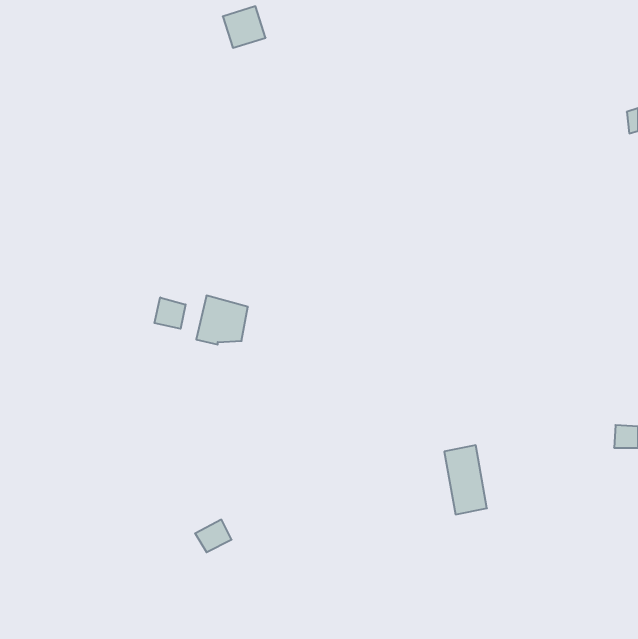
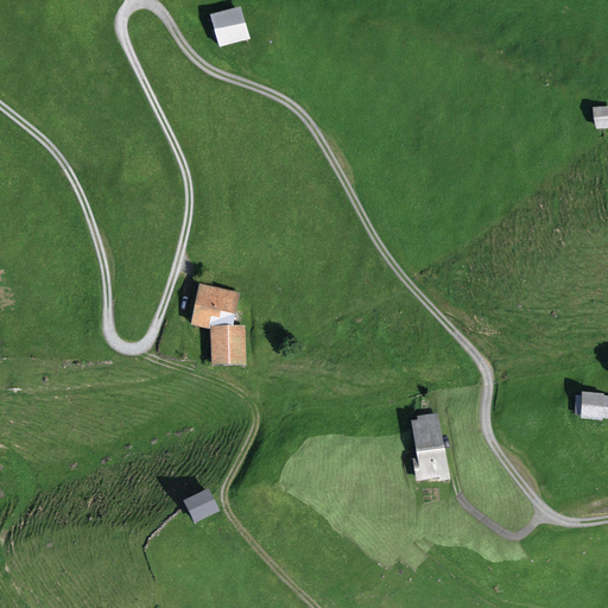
building: [154,297,186,329] -> none
building: none -> [205,322,241,361]

